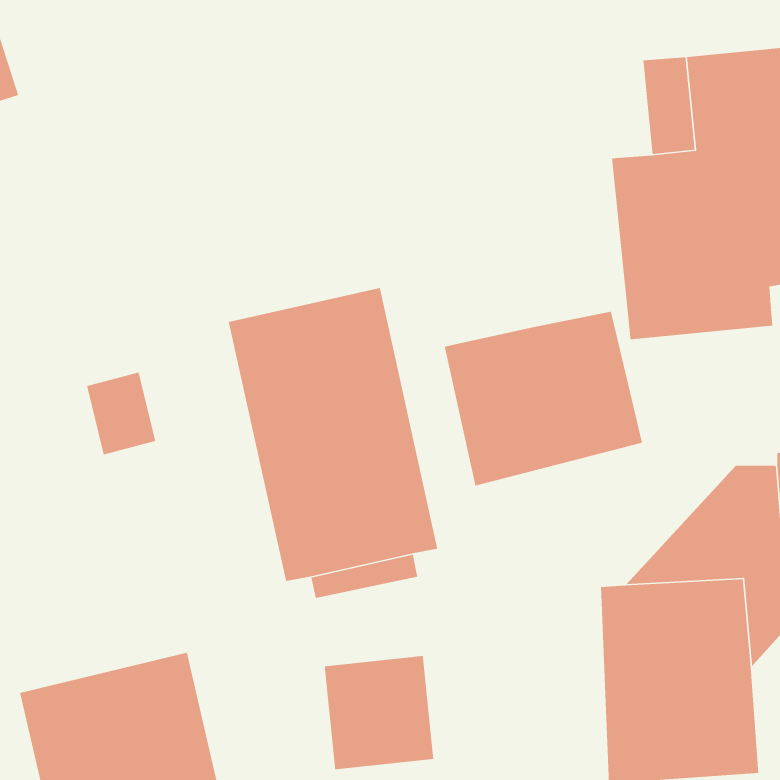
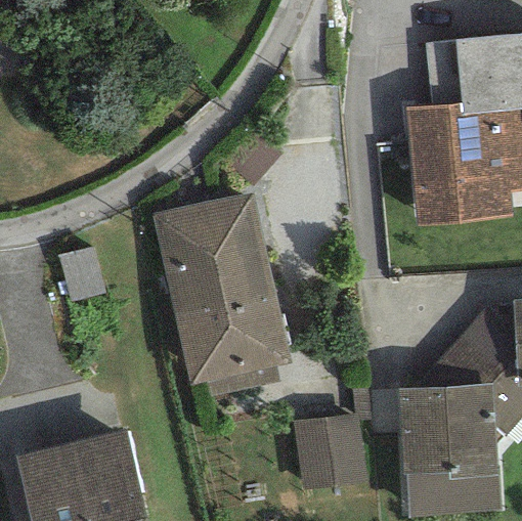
building: [444,311,643,487] -> none
building: [324,655,434,770] -> [296,413,368,488]

